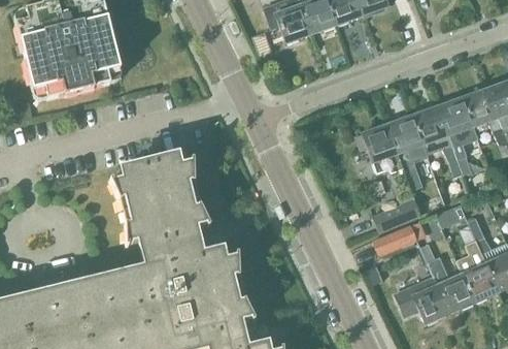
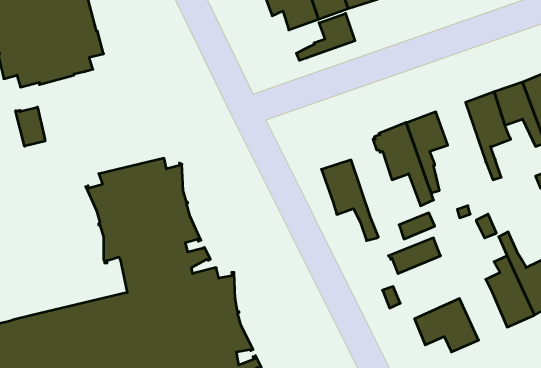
building: none -> [296,13,355,60]
building: [413,105,463,176] -> [321,160,378,241]
building: none -> [16,107,45,146]
building: [420,243,475,312] -> none

